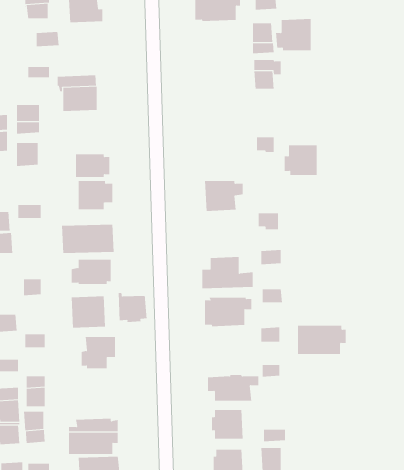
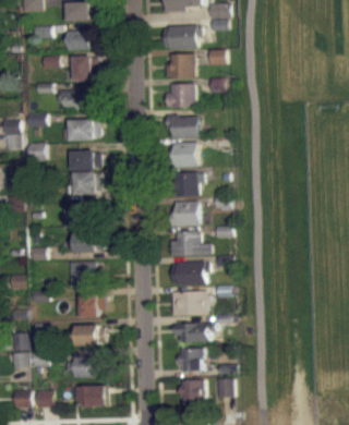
building: [275,19,312,51] -> [165,52,193,77]
building: none -> [71,56,97,81]
building: none -> [165,83,194,107]
building: none -> [166,114,197,137]
building: none -> [65,118,98,139]
building: [284,145,318,176] -> [169,142,195,166]
building: none -> [170,201,197,226]
building: [118,292,147,323] -> none
building: [297,325,346,355] -> [171,291,209,314]
building: none -> [75,325,104,345]

